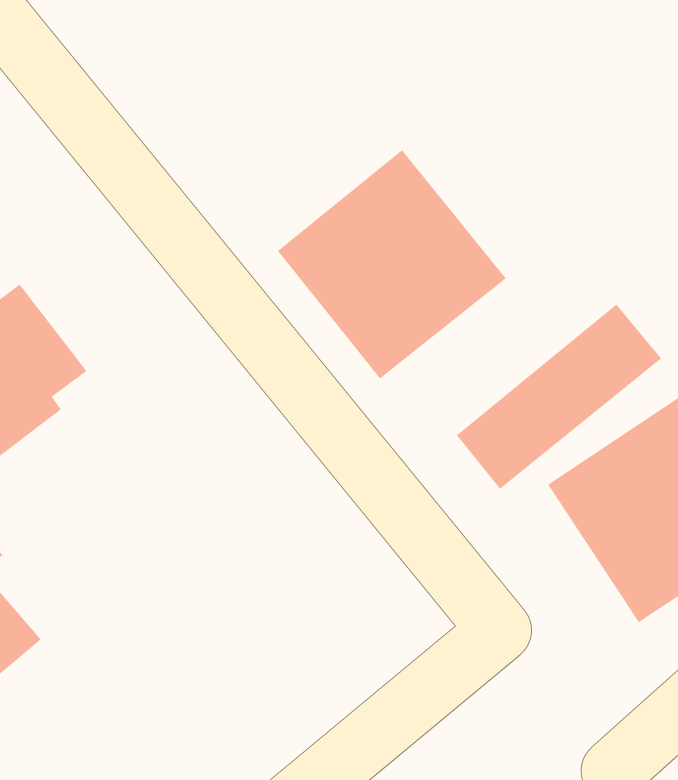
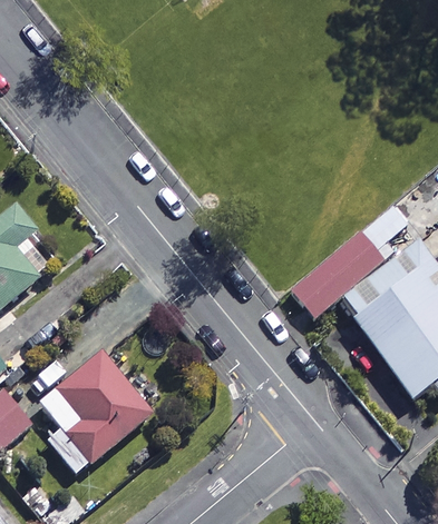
building: [277,149,507,379] -> none
building: none -> [30,348,155,472]

